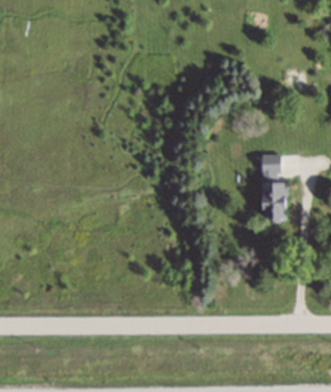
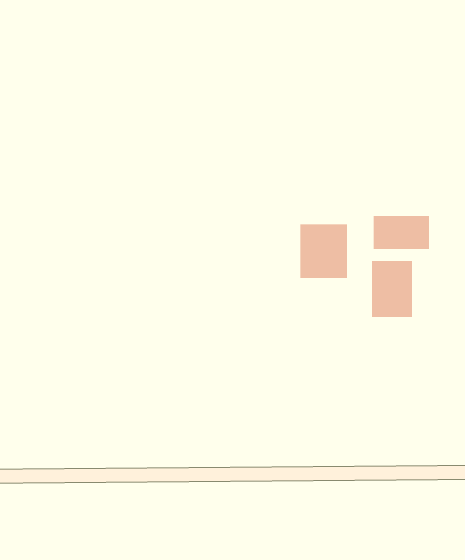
building: none -> [300,224,347,279]

